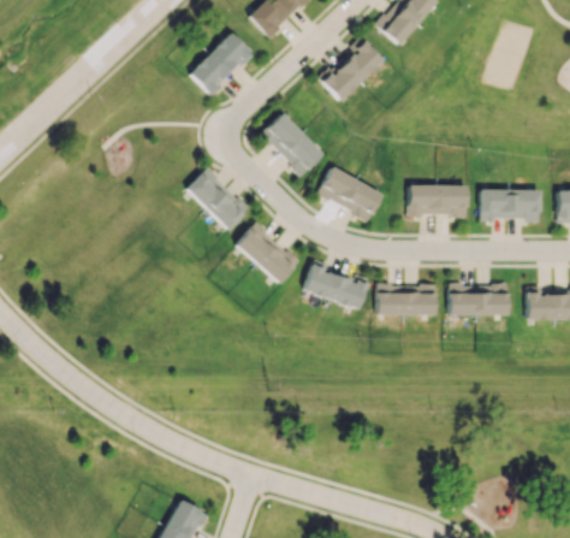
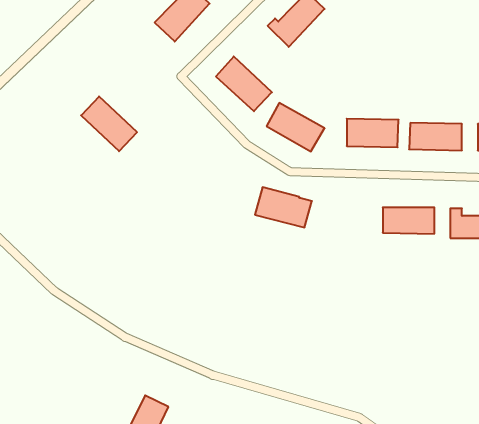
building: [186,167,250,230] -> [81,96,137,151]
building: [236,223,301,284] -> none
building: [378,284,437,315] -> none

